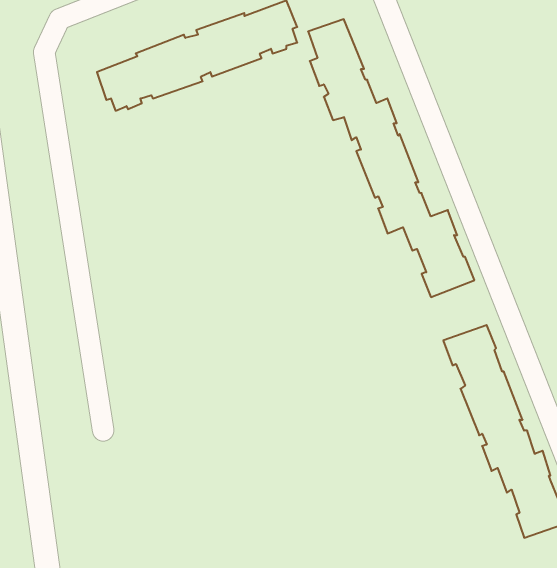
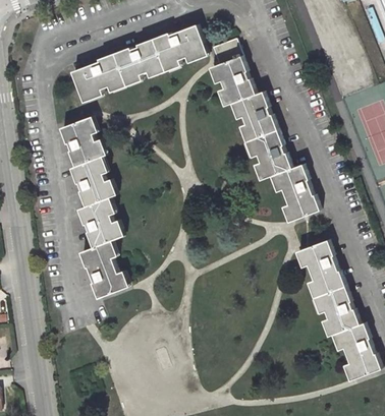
building: none -> [60,116,126,297]

